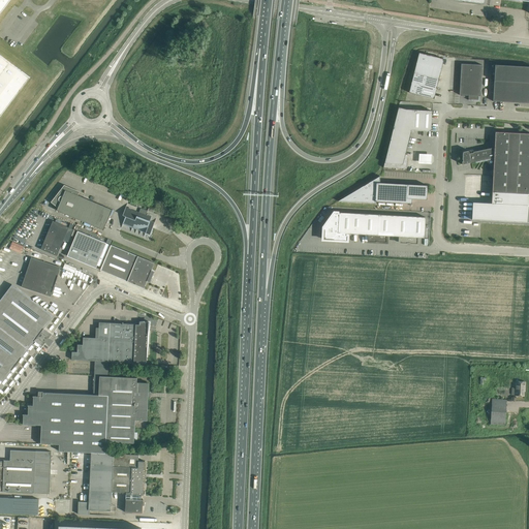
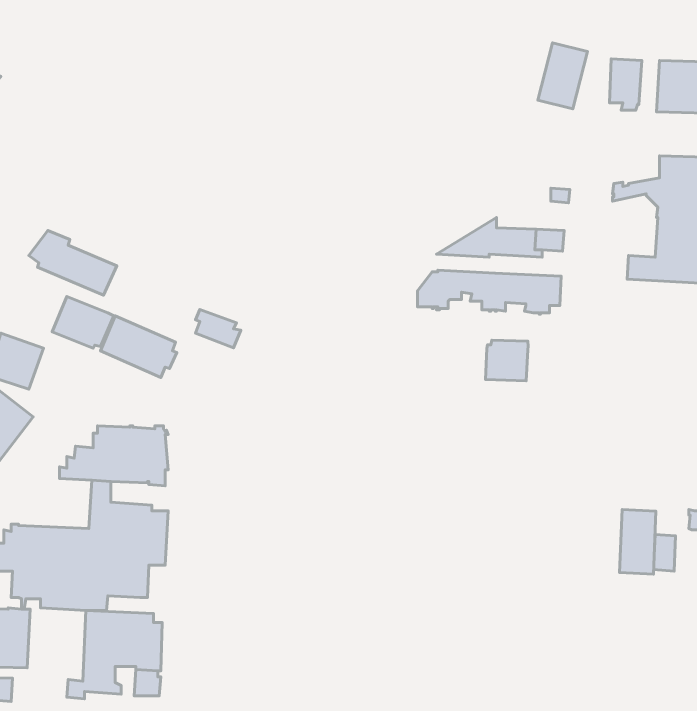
building: [382,107,432,168] -> none
building: [122,207,154,234] -> [195,310,241,348]
building: [40,220,72,255] -> none
building: none -> [485,340,528,381]
building: none -> [619,509,656,574]

